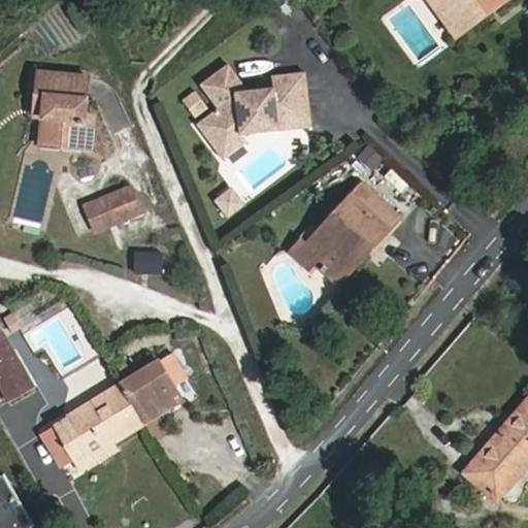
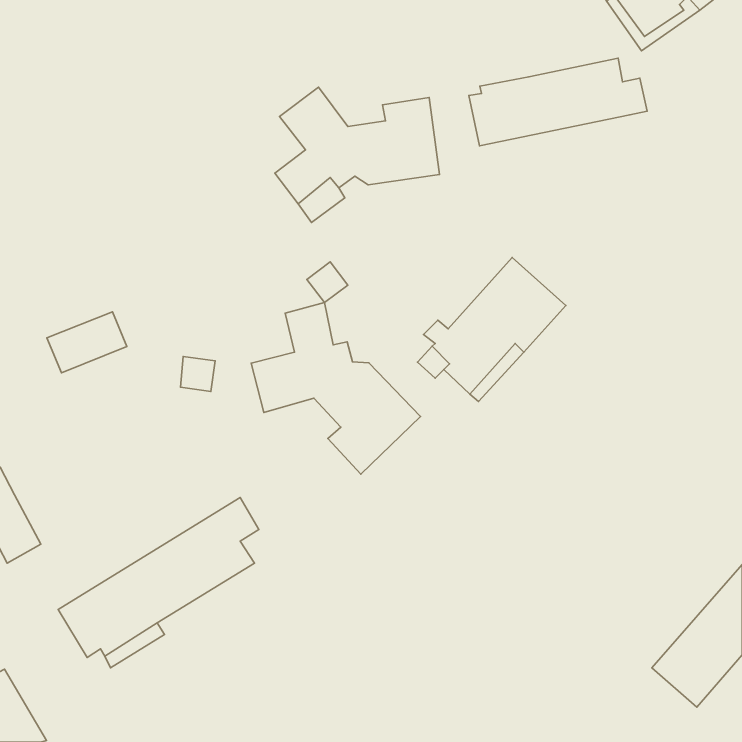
building: none -> [469,58,647,146]
building: [30,74,88,151] -> none
building: [84,188,140,231] -> [47,312,127,373]
building: none -> [251,303,420,474]

